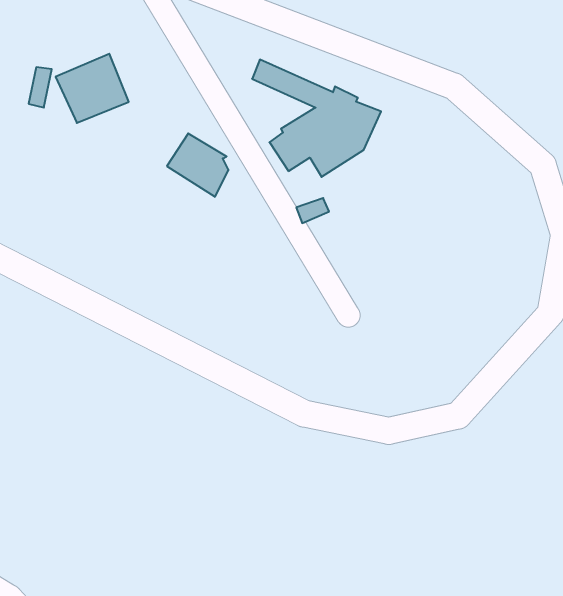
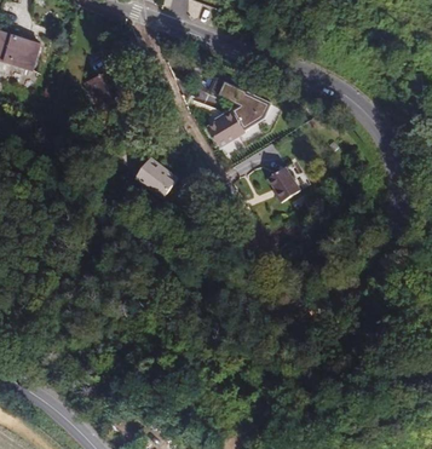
building: [167,133,229,197] -> [139,160,178,200]
building: none -> [266,163,301,203]

